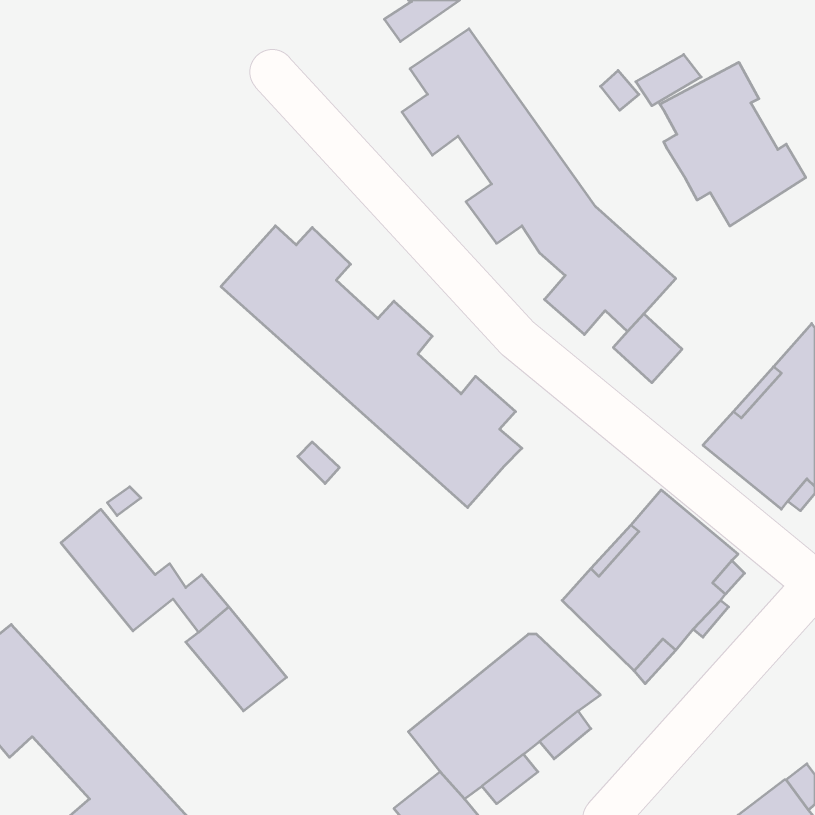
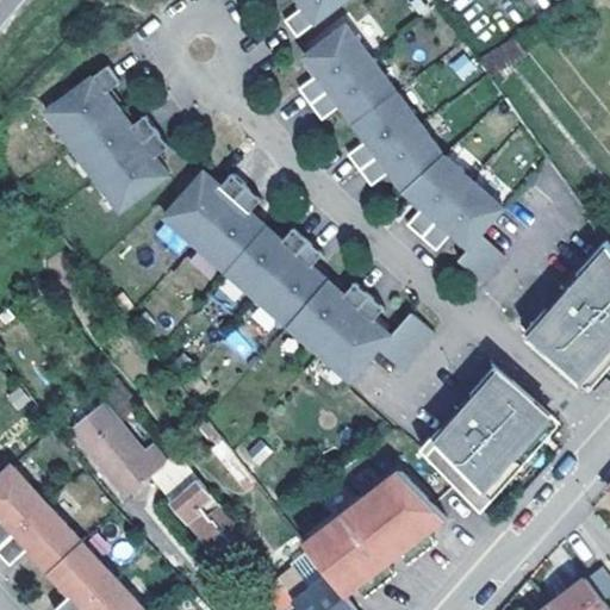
building: [660,62,806,226] -> none
building: none -> [48,63,169,208]
building: none -> [375,315,434,372]

